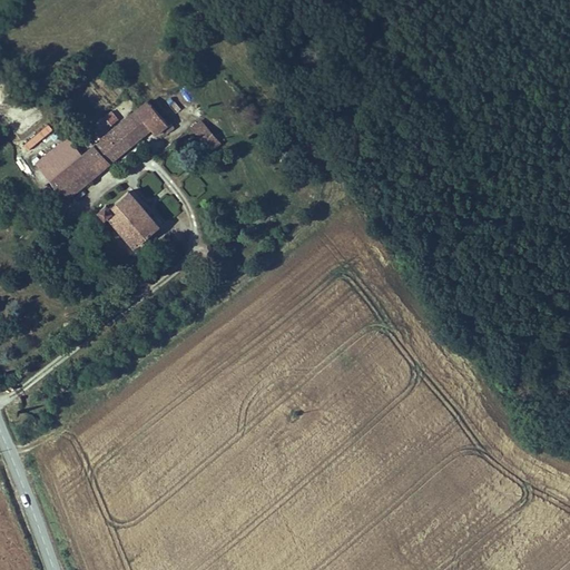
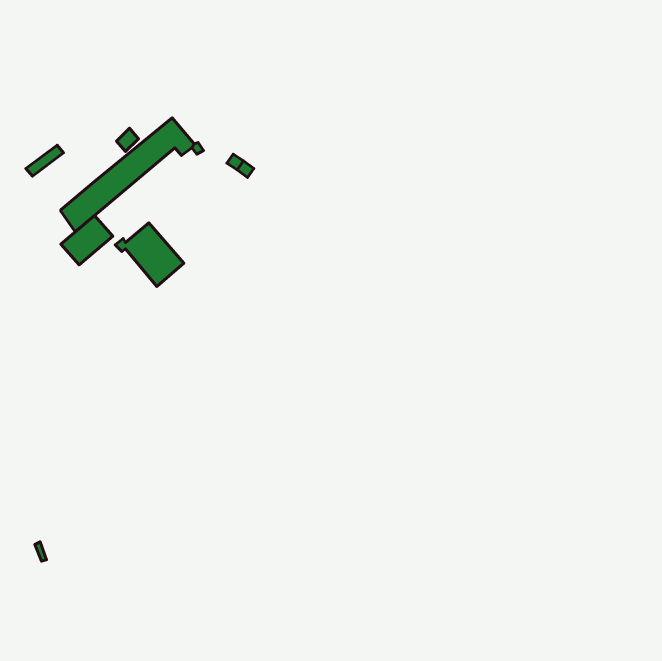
building: [37,139,81,181] -> [61,216,113,265]

